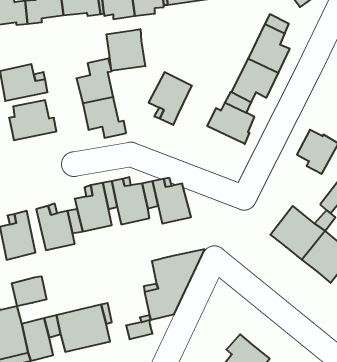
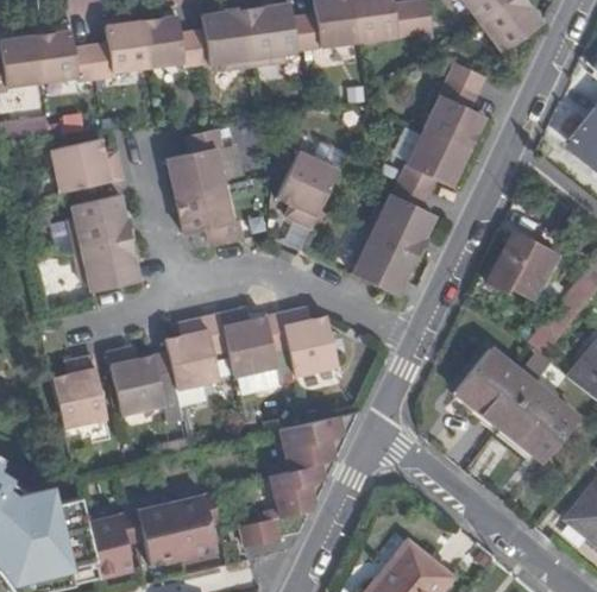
building: [106,29,145,71] -> none
building: none -> [348,229,414,294]
building: none -> [75,239,143,294]
building: [12,276,47,306] -> none

